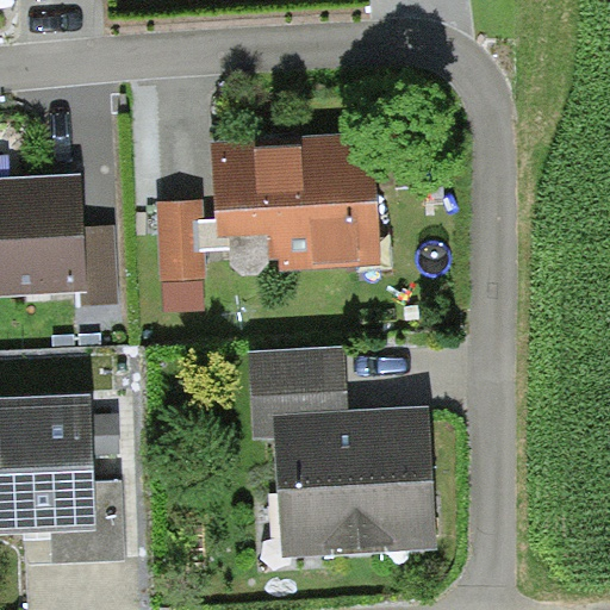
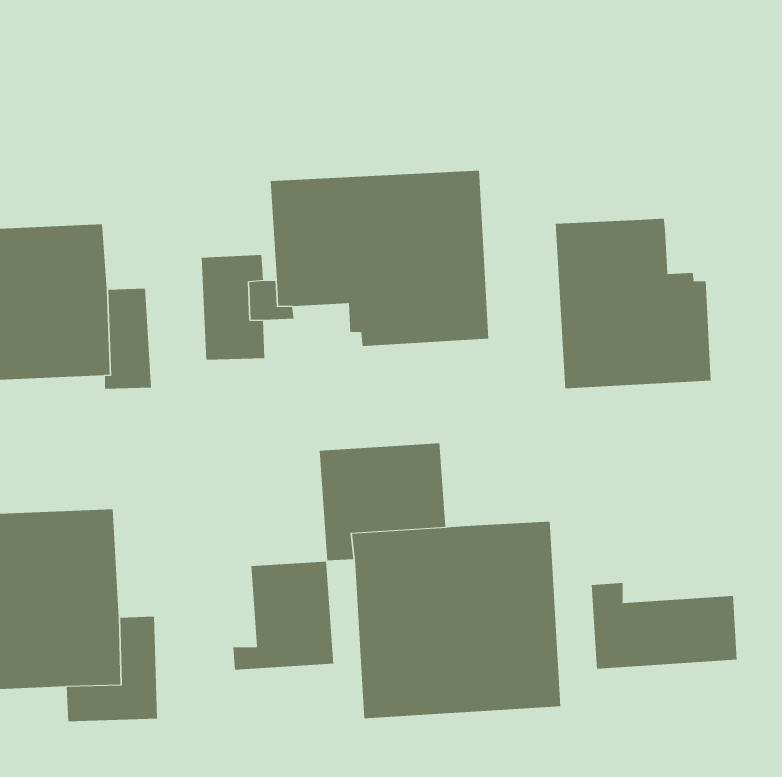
building: none -> [555,218,711,389]
building: none -> [233,561,334,670]
building: none -> [591,582,737,669]

